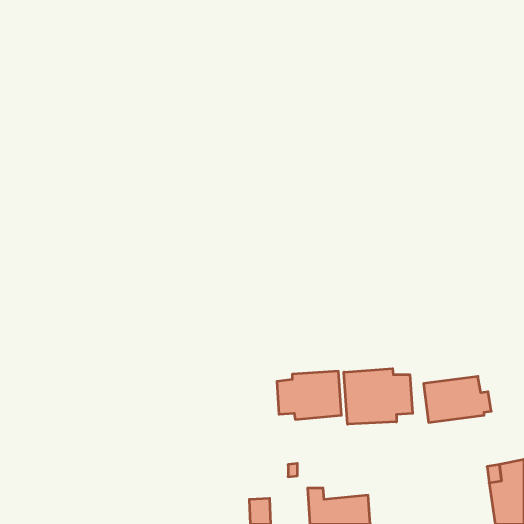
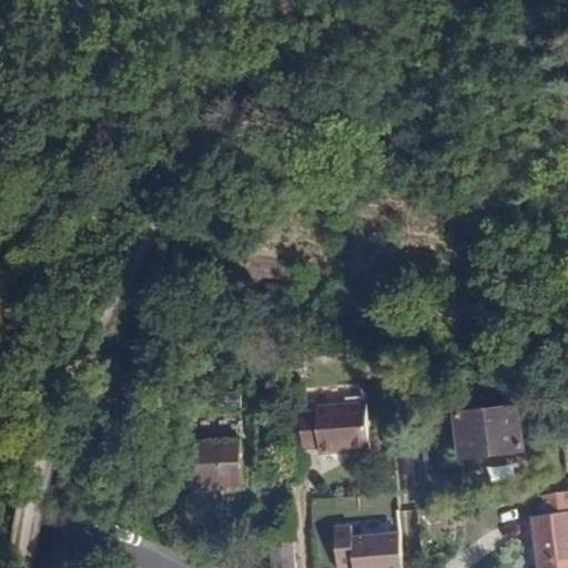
building: [344,369,413,424] -> none
building: none -> [175,439,241,488]

